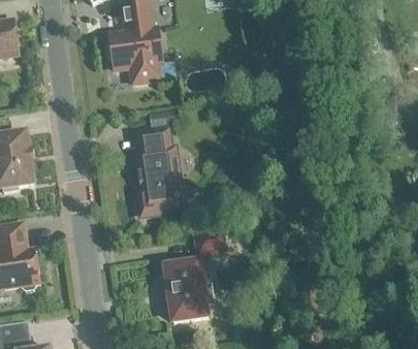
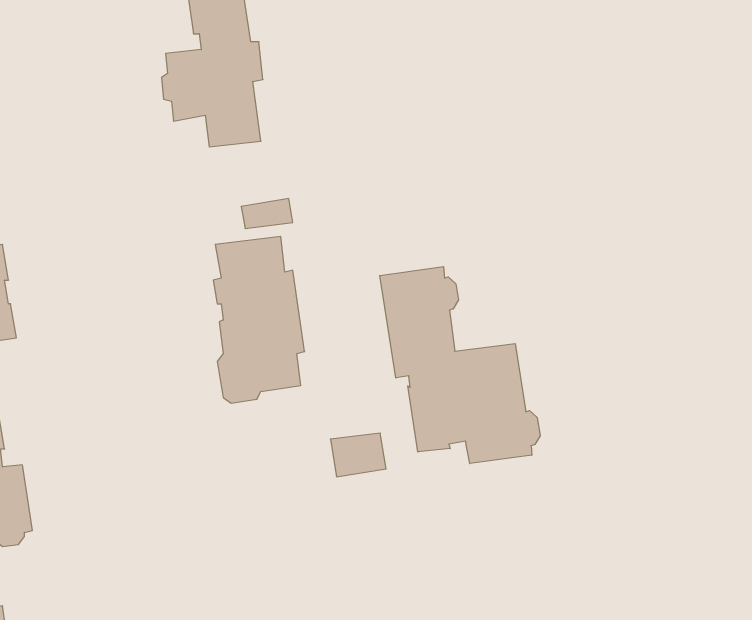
building: none -> [380,267,540,464]
building: [165,261,207,321] -> none

